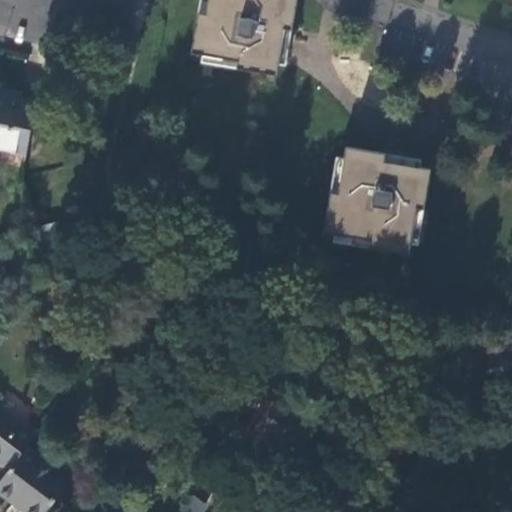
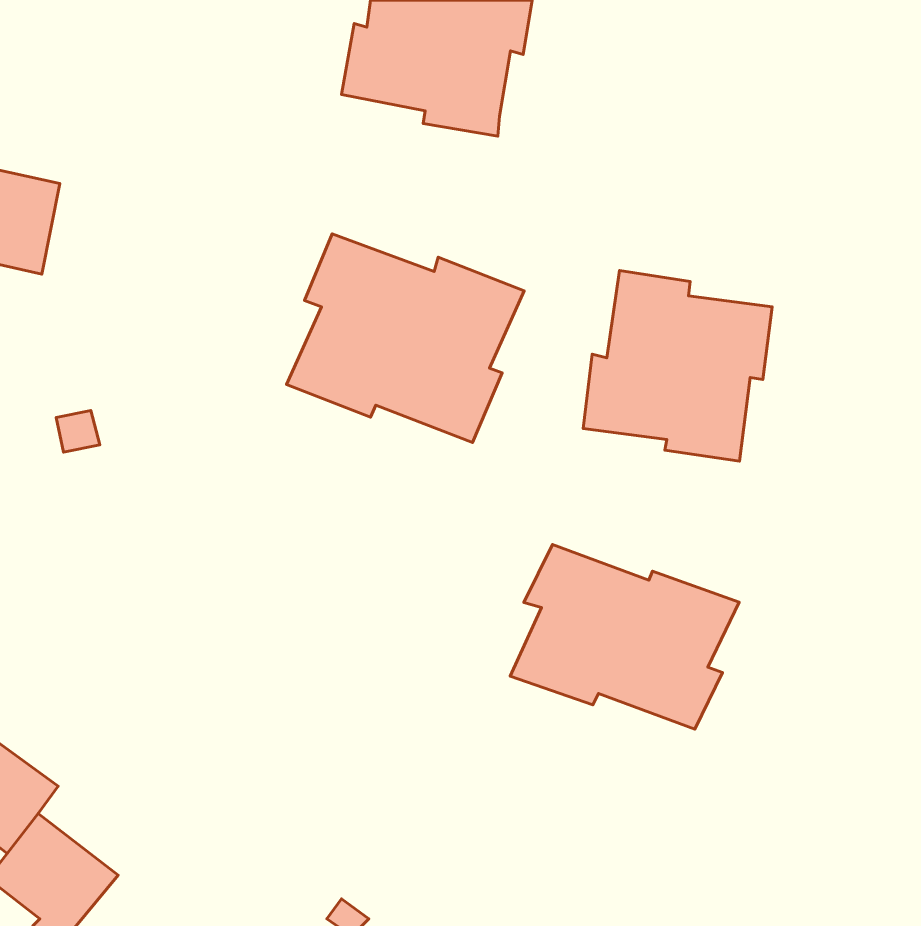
building: none -> [287,234,524,443]
building: none -> [510,545,739,729]

